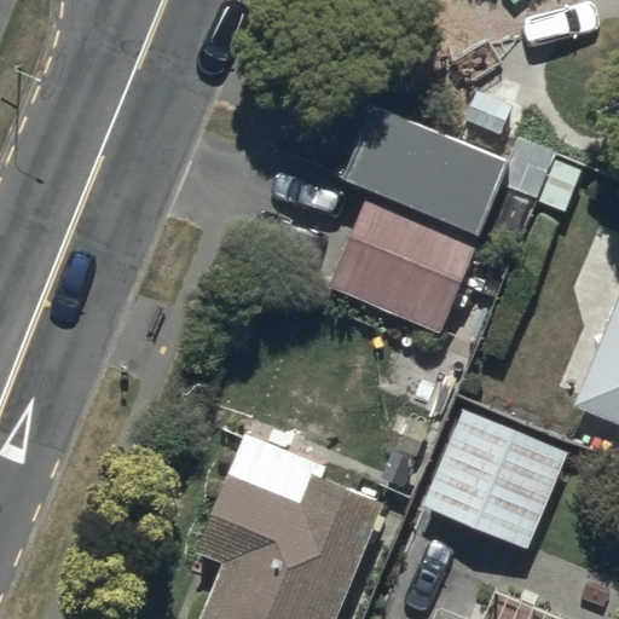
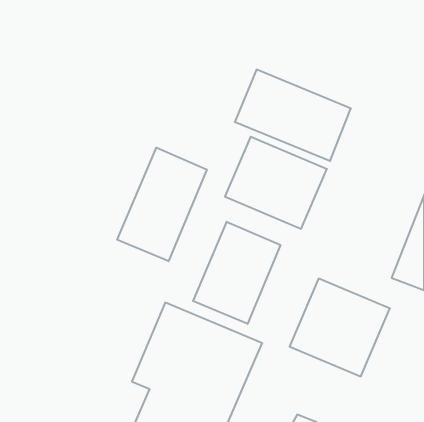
building: none -> [117,148,207,261]
building: none -> [193,222,280,324]

